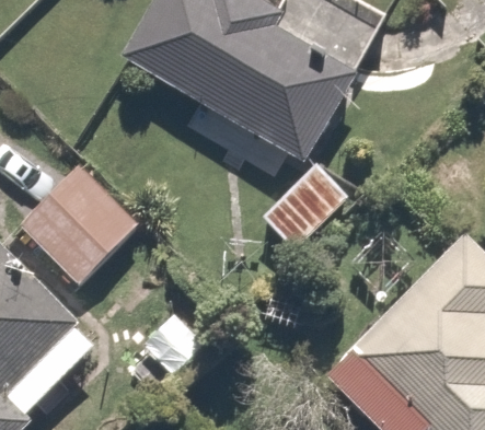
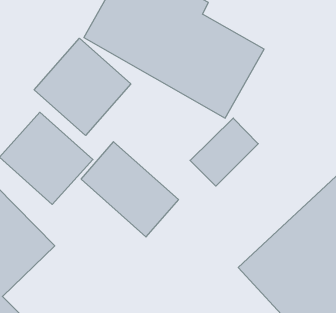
building: none -> [34,38,131,135]
building: none -> [81,142,178,237]

